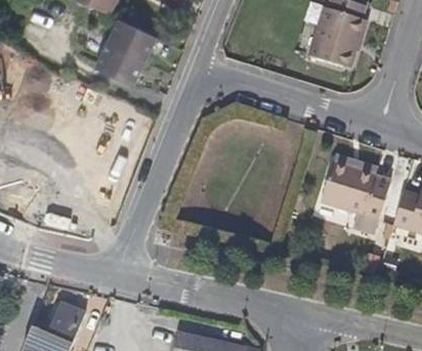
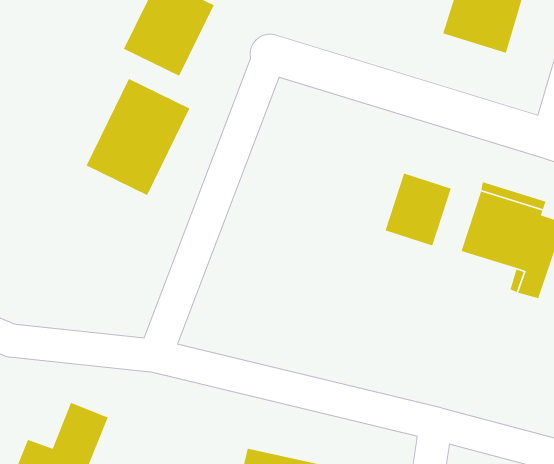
building: none -> [85,78,191,196]
building: none -> [384,172,452,247]

